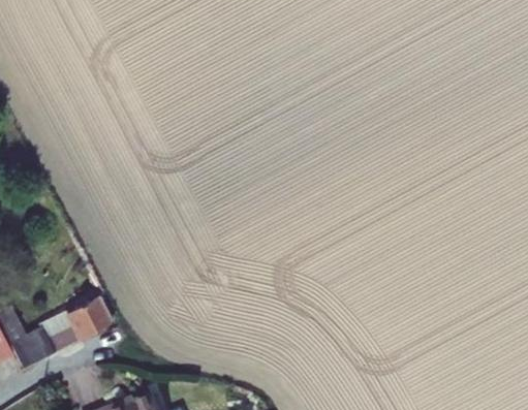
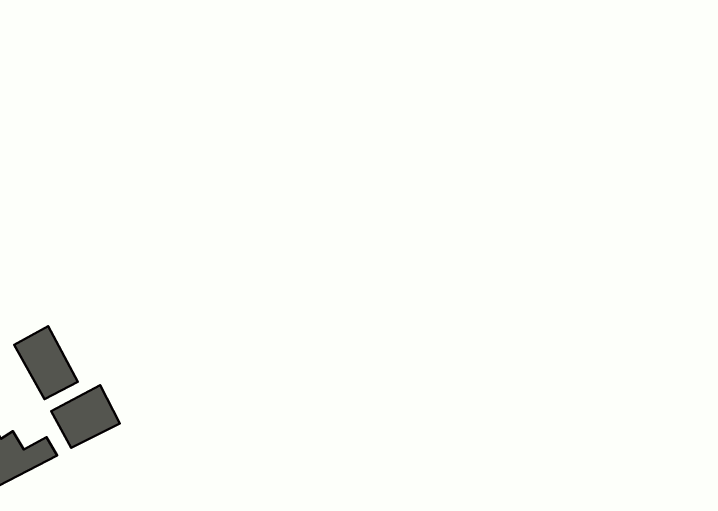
building: none -> [14,326,78,399]

